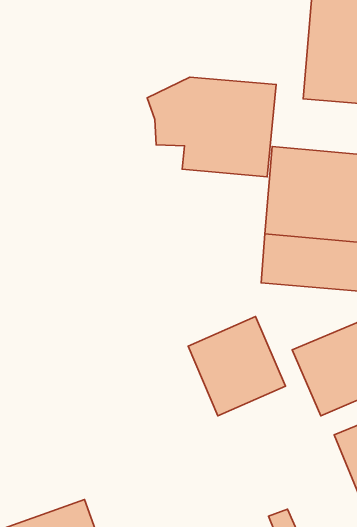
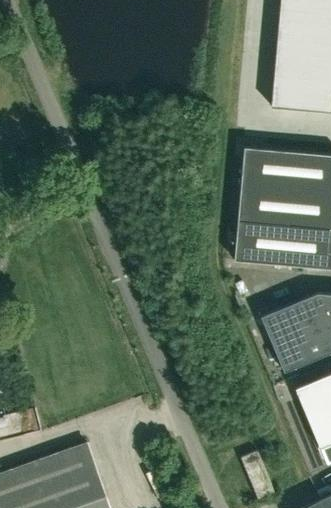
building: [147,77,276,177] -> none
building: [188,317,285,416] -> none

